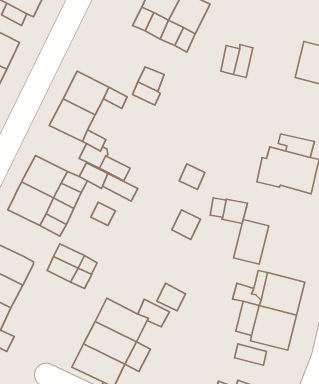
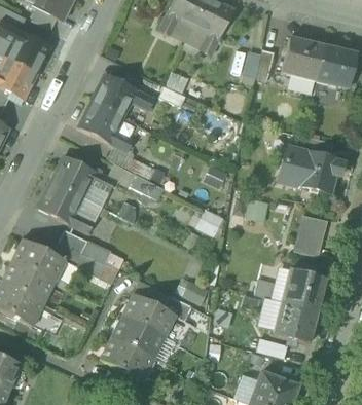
building: none -> [282,37,325,80]
building: [234,219,269,264] -> [295,214,329,257]
building: none -> [55,229,89,266]

